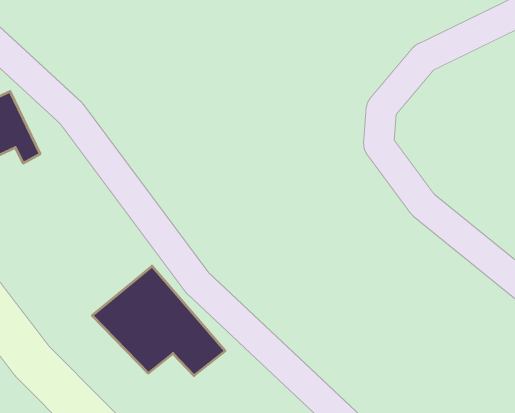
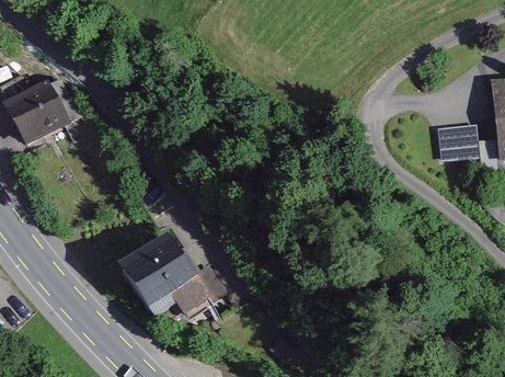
building: none -> [439,122,477,158]

